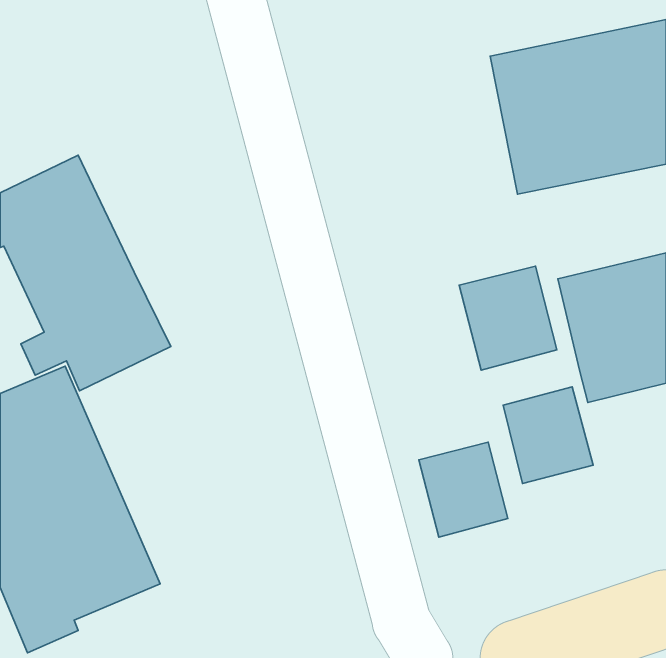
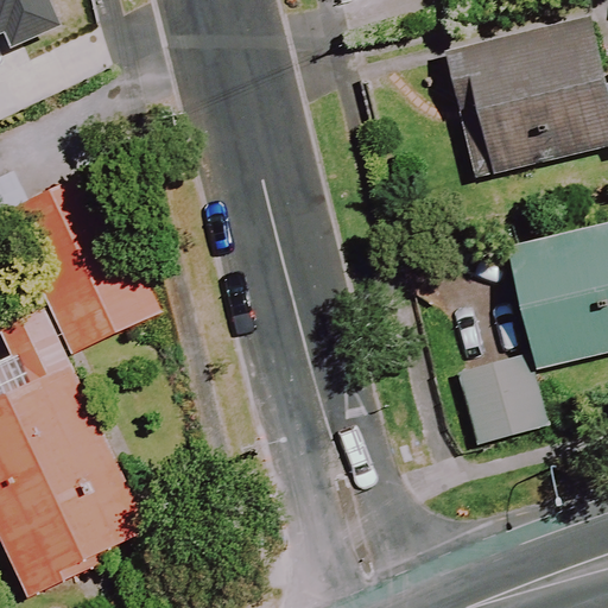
building: [459,266,557,370] -> none
building: [419,442,508,537] -> none

